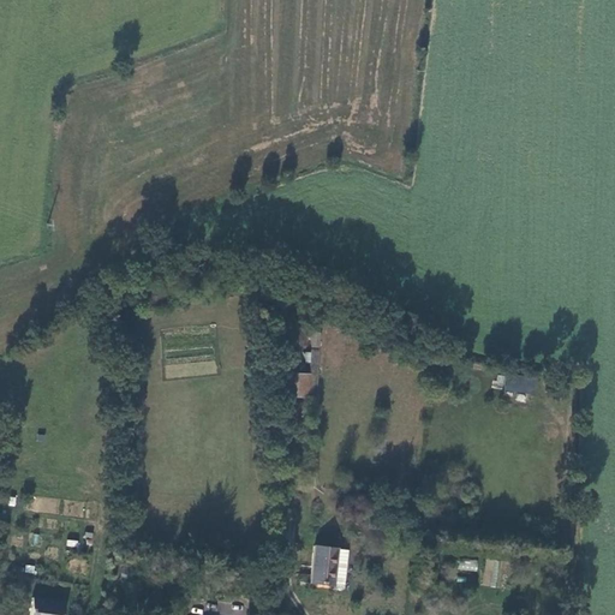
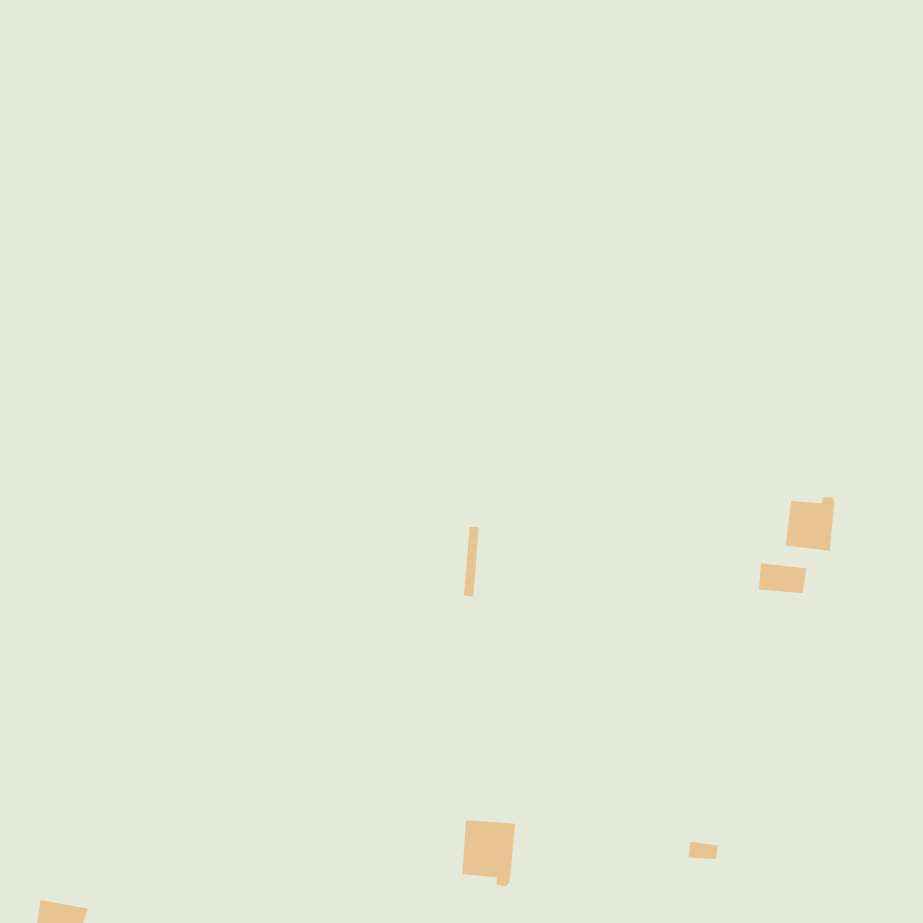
building: none -> [785,497,835,551]

